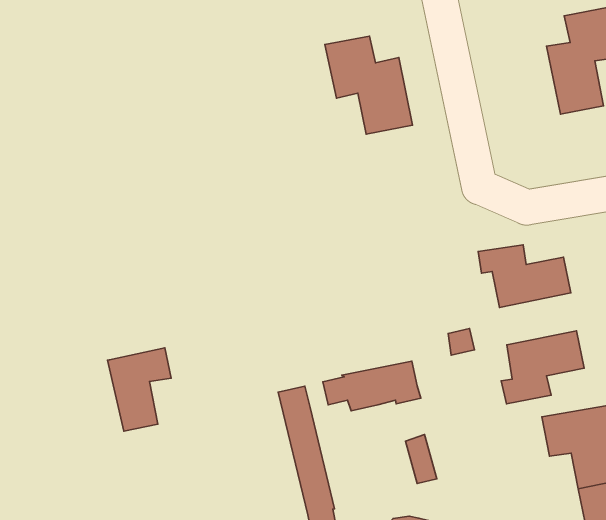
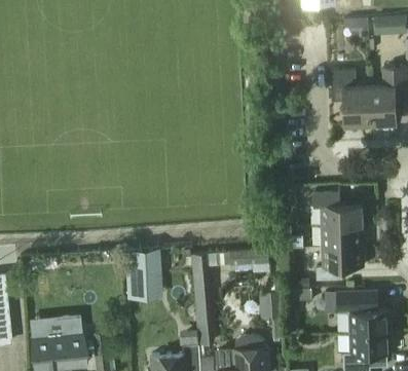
building: [325,36,413,134] -> [330,70,372,124]
building: none -> [322,224,363,248]
building: [108,348,171,431] -> [127,255,161,298]

